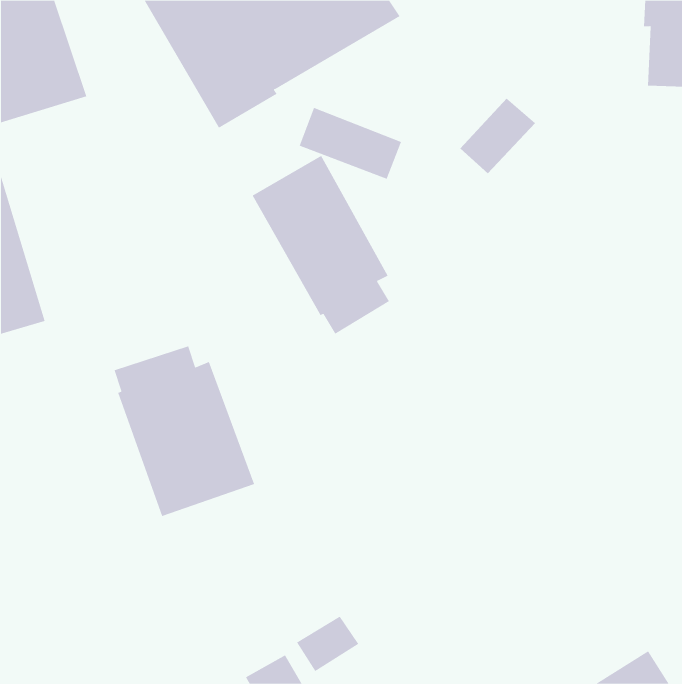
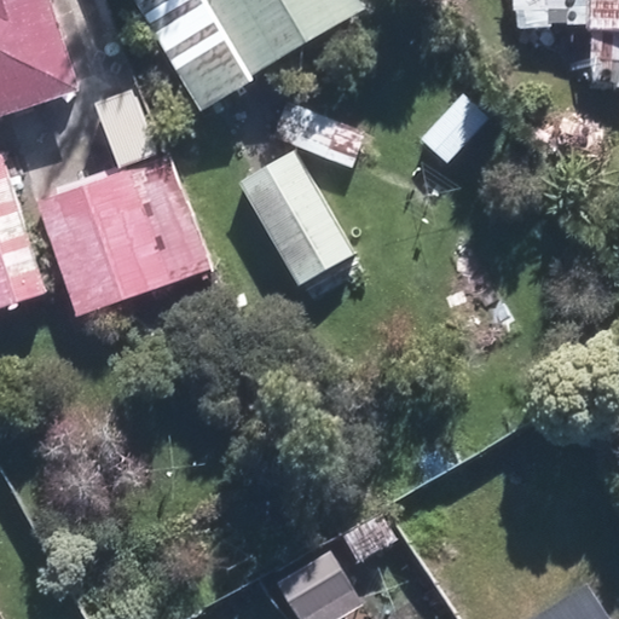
building: none -> [34,152,209,314]
building: [114,345,255,517] -> none

